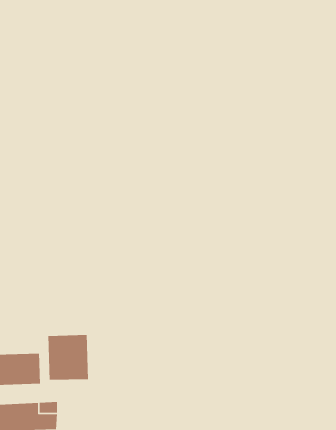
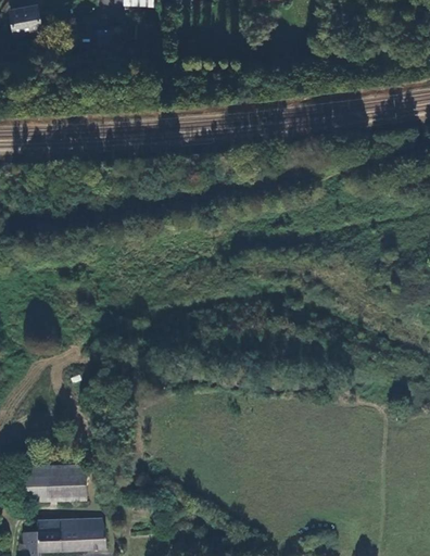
building: [48,334,89,380] -> none

